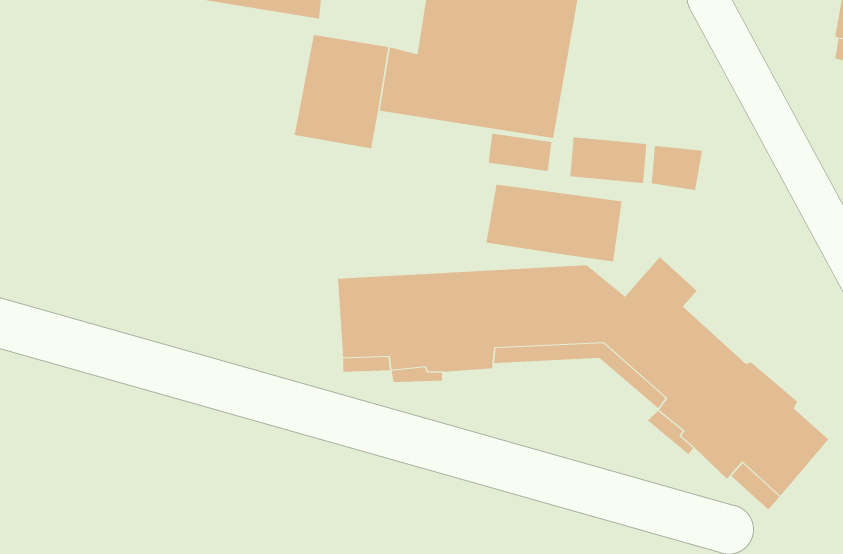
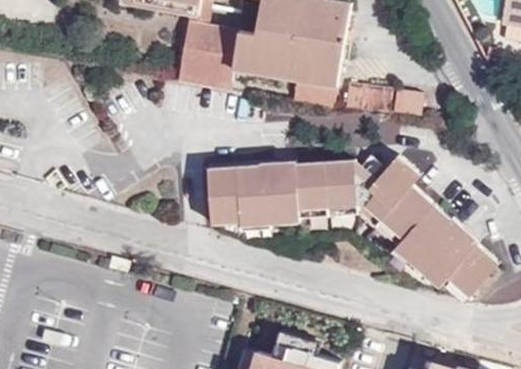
building: [486,184,622,262] -> none

